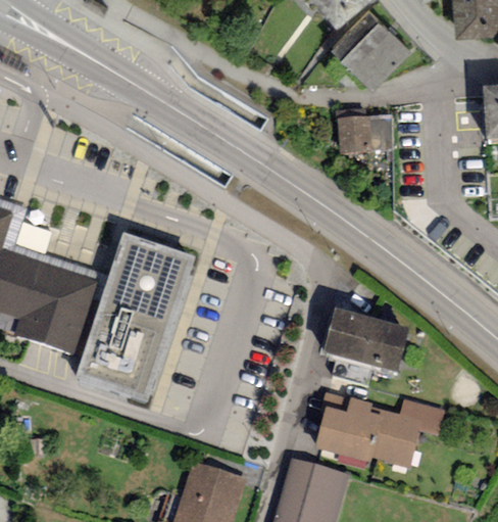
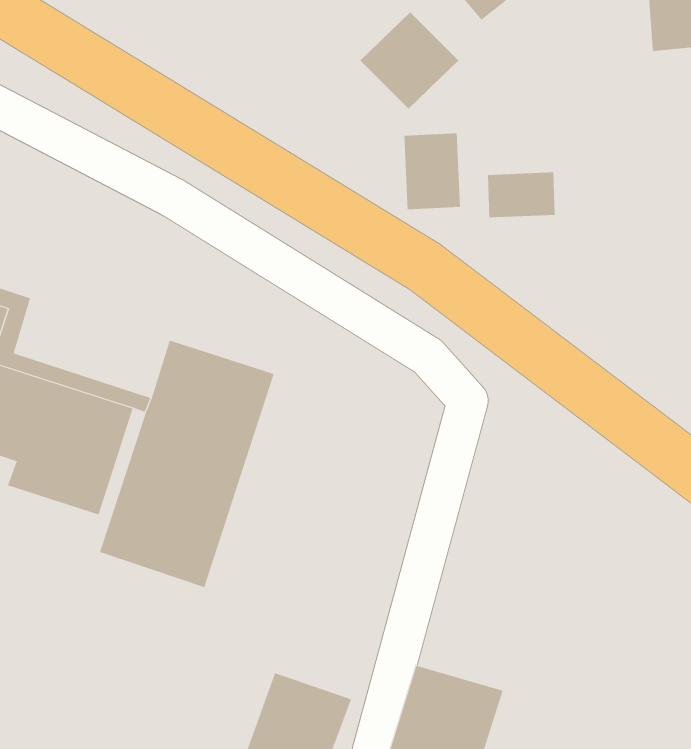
building: [335,10,403,78] -> [360,11,459,109]
building: none -> [404,132,461,210]
building: [322,311,408,376] -> none
building: [314,397,445,467] -> none

